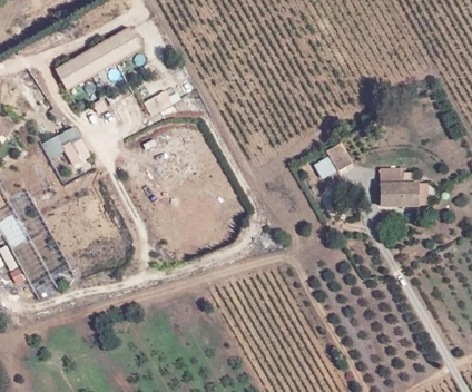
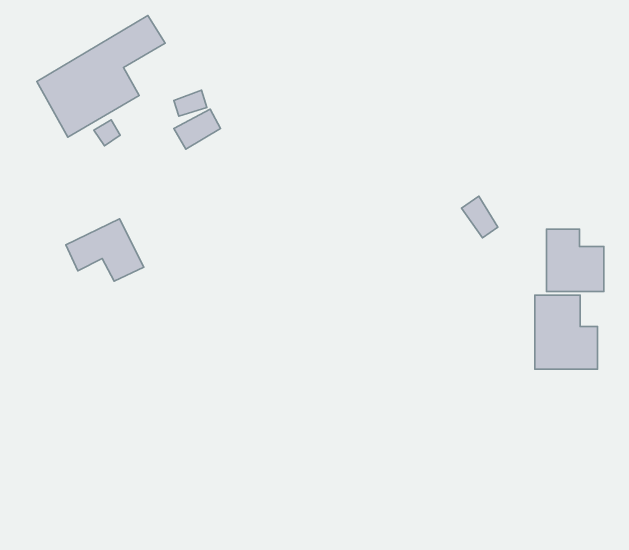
building: [40,124,90,164] -> [66,219,144,281]
building: none -> [535,295,597,369]

